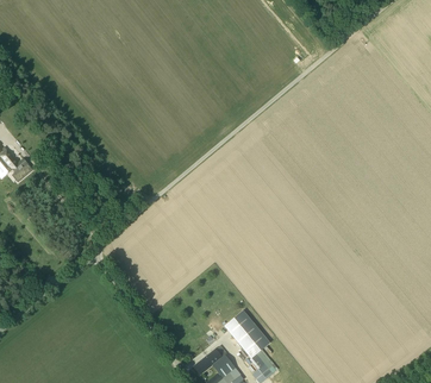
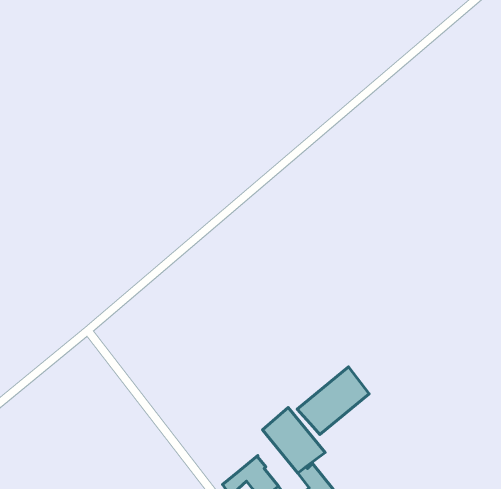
building: none -> [297,367,369,435]

